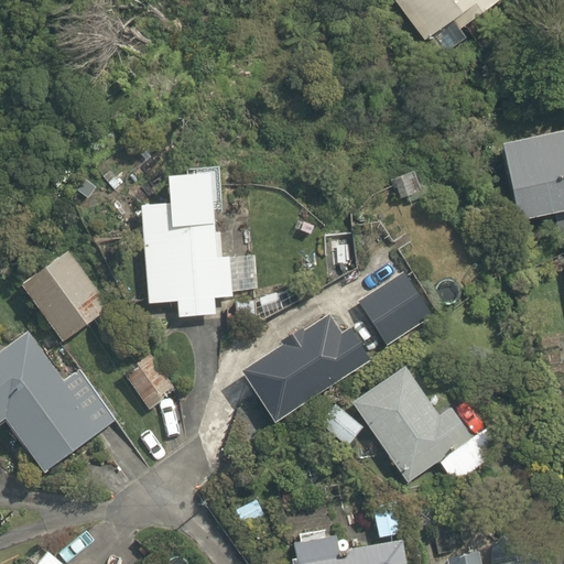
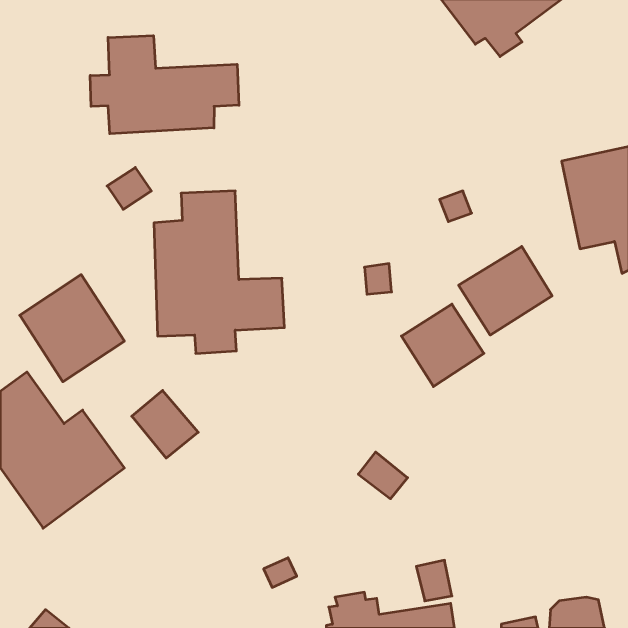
building: none -> [90,36,239,134]
building: none -> [459,246,552,335]
building: [243,315,373,424] -> none
building: [354,367,510,482] -> none

